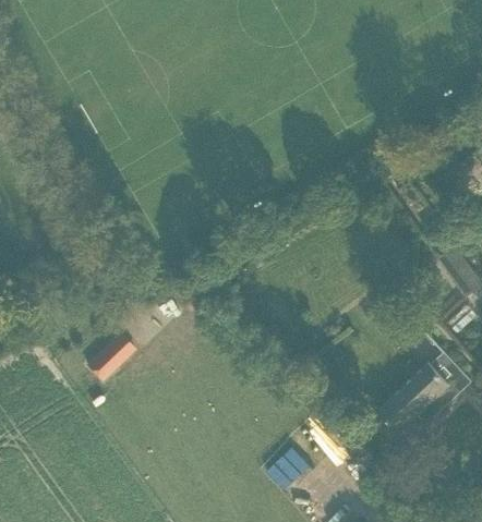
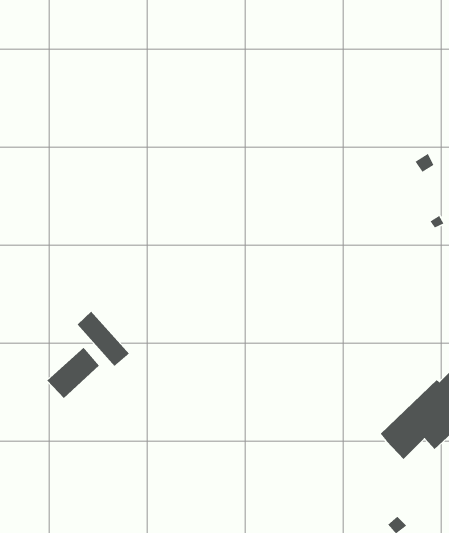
building: none -> [77,311,130,367]

